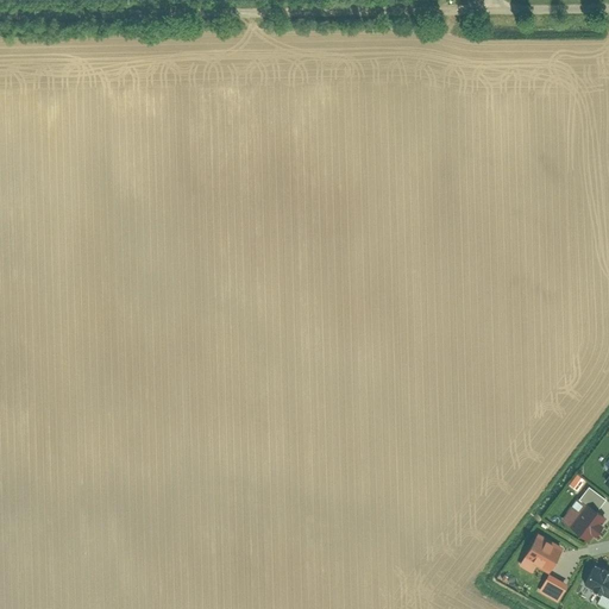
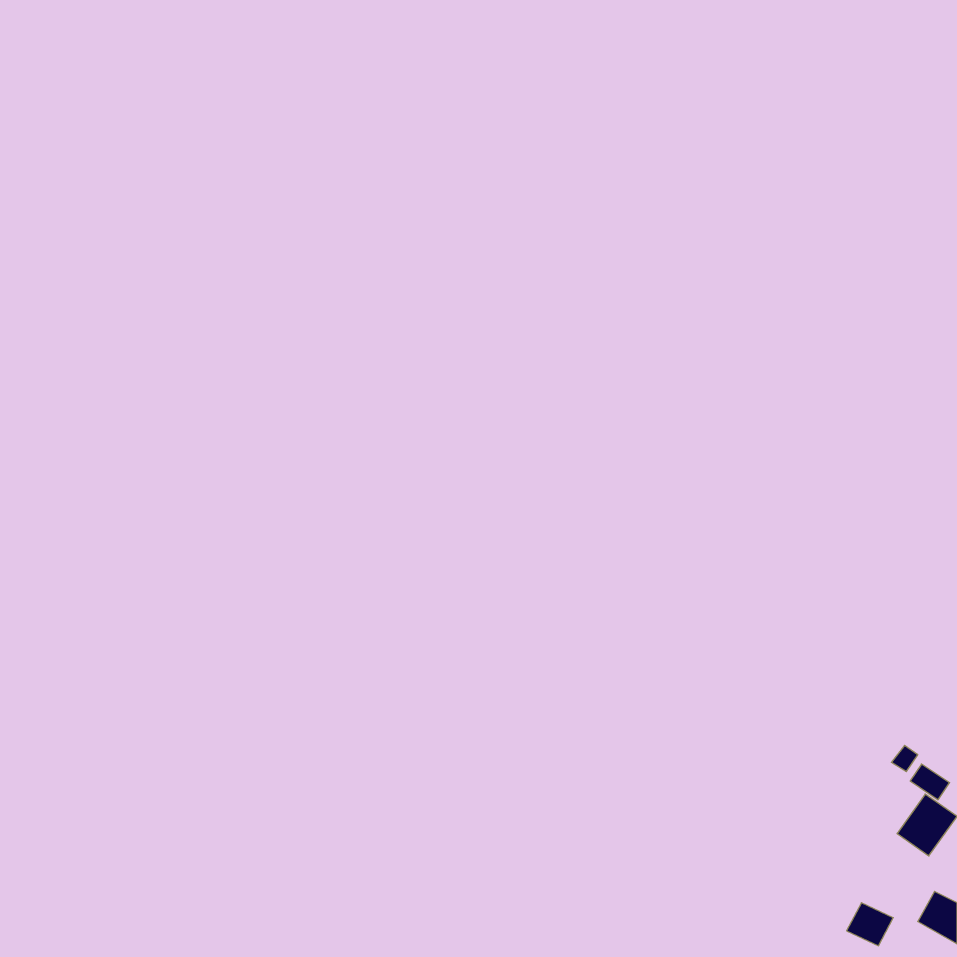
building: [526,535,564,572] -> none

